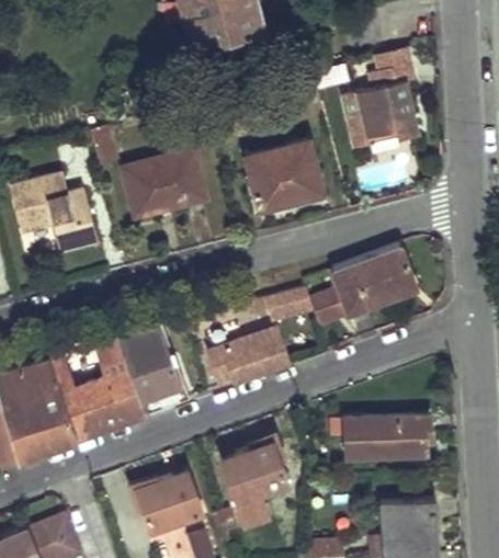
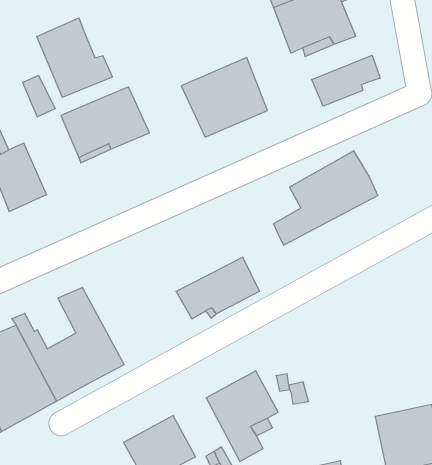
building: none -> [37,18,113,97]
building: none -> [312,55,380,106]
building: [263,286,313,321] -> none
building: [118,326,190,414] -> none
building: [344,414,431,456] -> none

